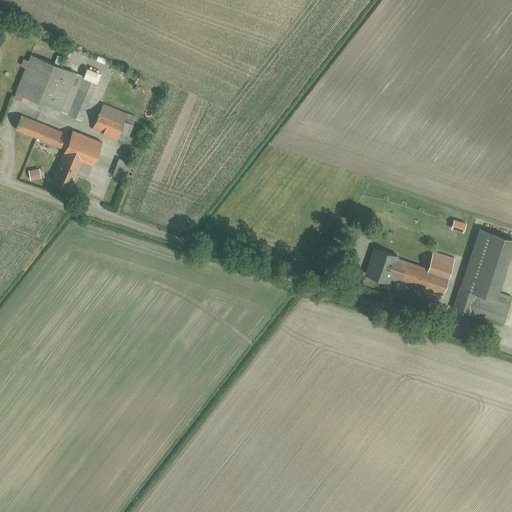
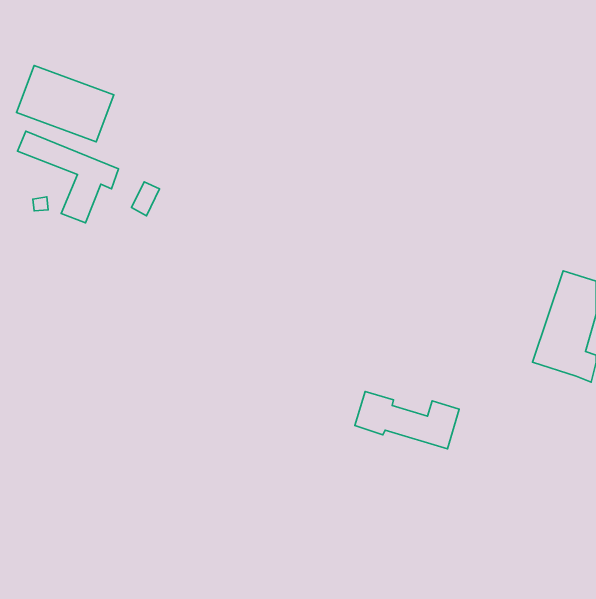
building: [91,107,126,139] -> none
building: [364,247,453,296] -> [355,392,459,449]

